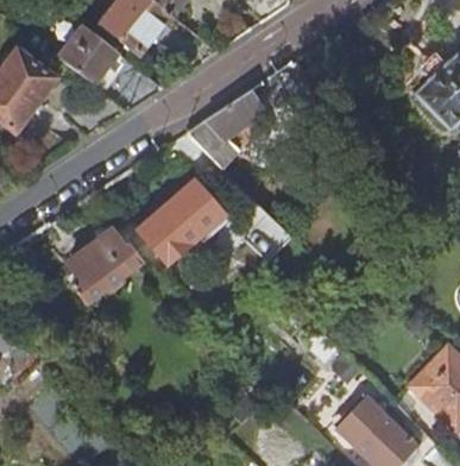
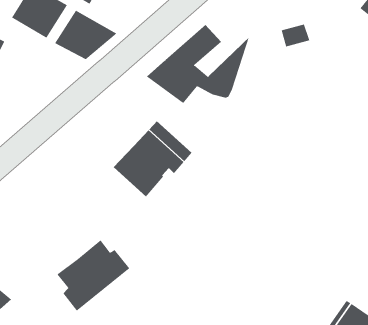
building: [65,232,141,302] -> [56,239,130,311]

